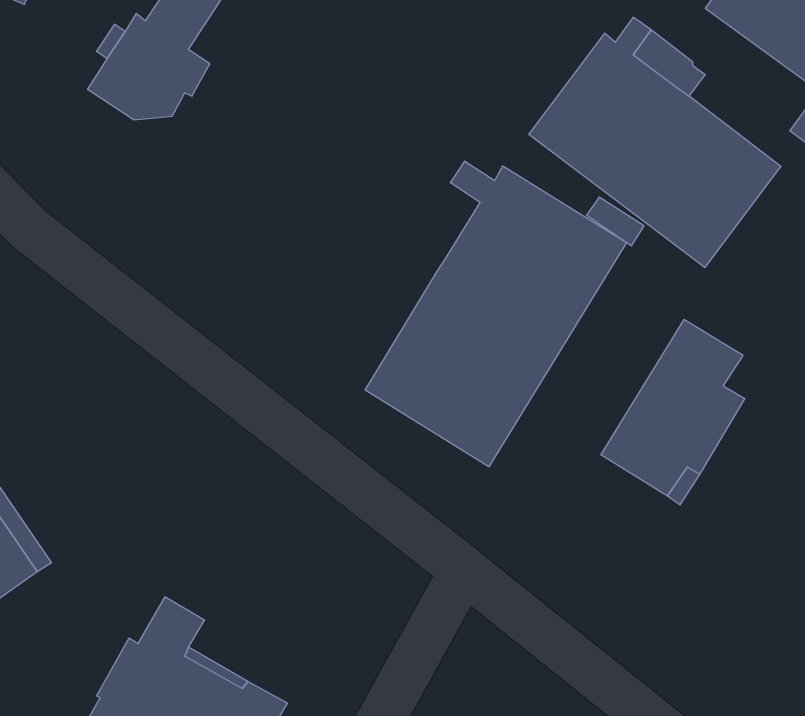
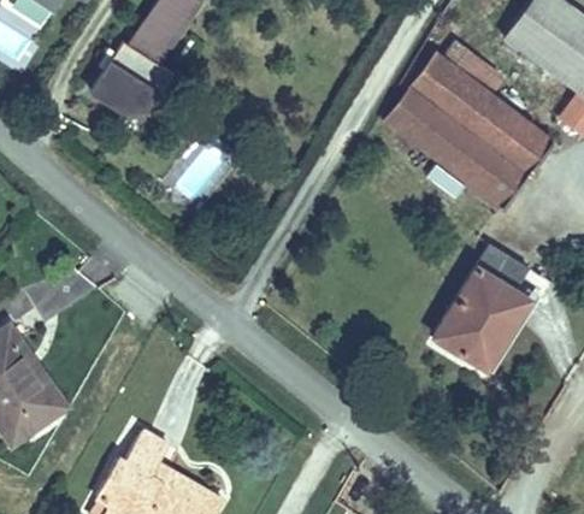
building: [365,161,627,467] -> none

